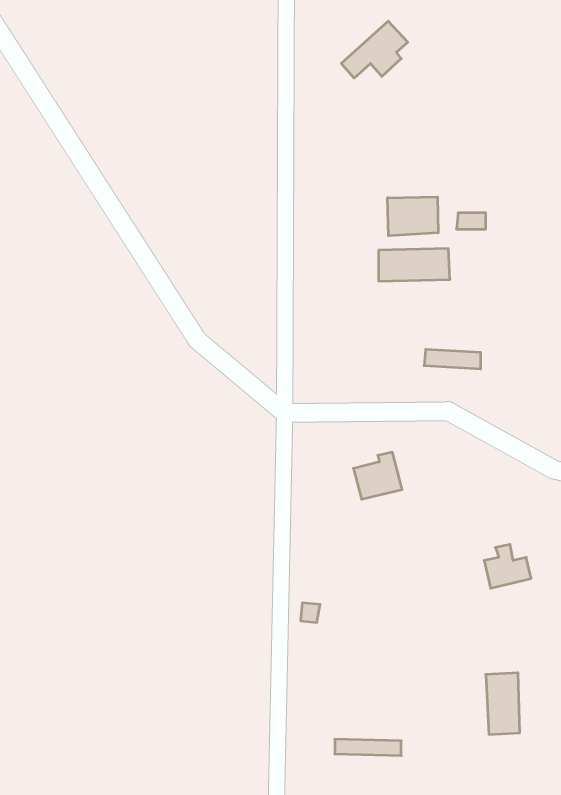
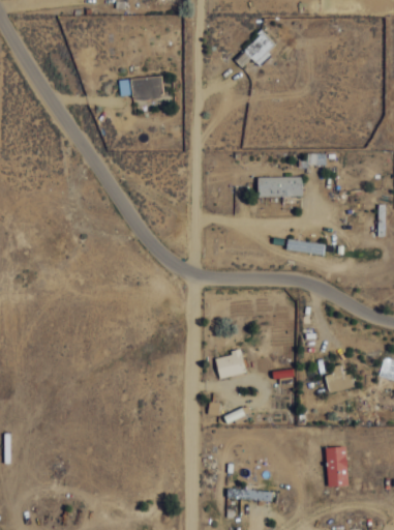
building: none -> [119,75,163,98]
building: [388,197,438,236] -> none
building: [353,452,402,499] -> [215,348,246,378]

